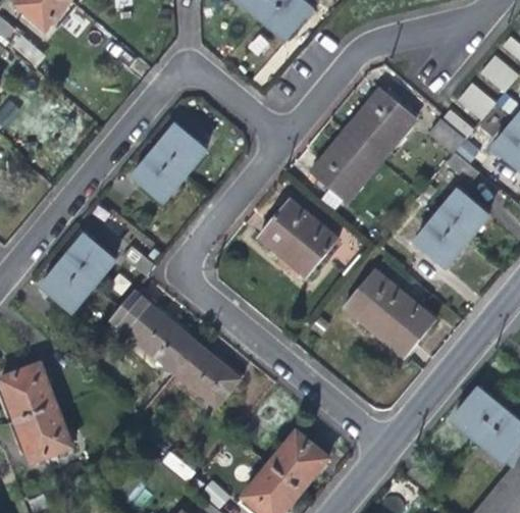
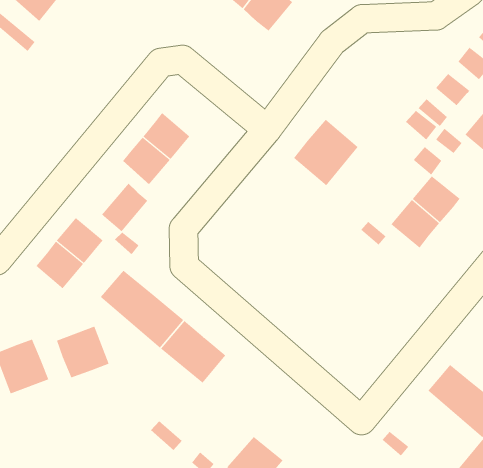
building: [346,87,415,161] -> none
building: none -> [101,183,148,232]
building: [258,200,336,275] -> none
building: [344,270,434,356] -> none
building: [15,405,71,460] -> [56,326,110,378]
building: [270,432,328,490] -> none

